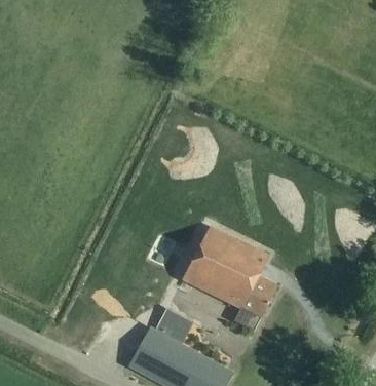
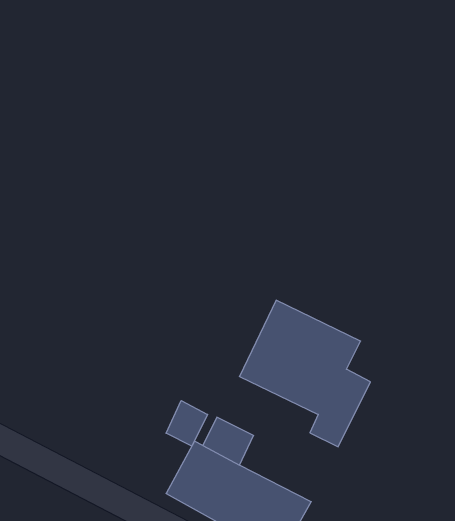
building: none -> [166,401,208,446]

